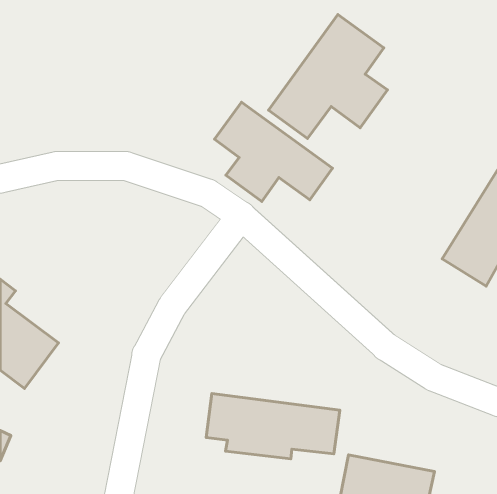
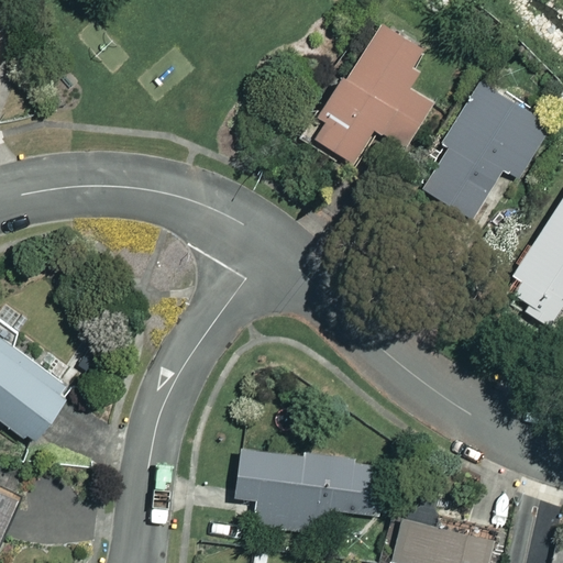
building: none -> [424,82,554,220]
building: [215,102,333,201] -> none

